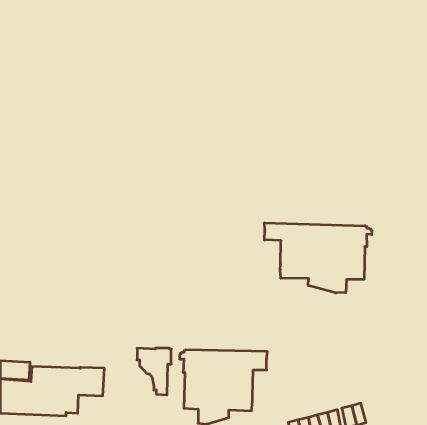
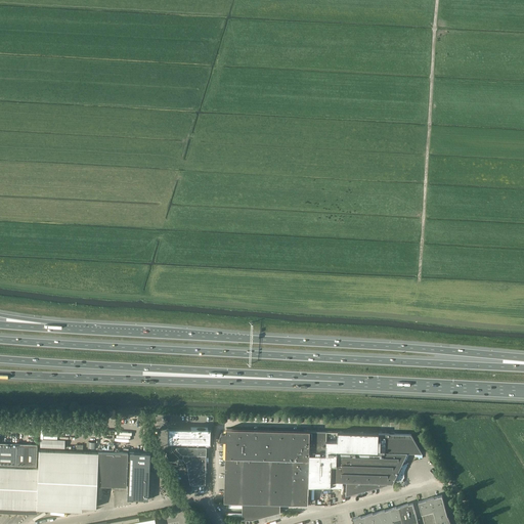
building: [264,223,372,293] -> none
building: none -> [309,434,423,497]
building: none -> [127,453,149,500]

